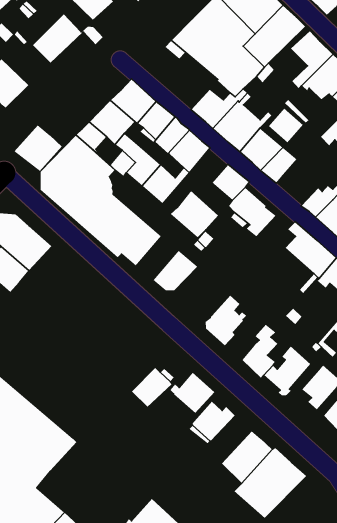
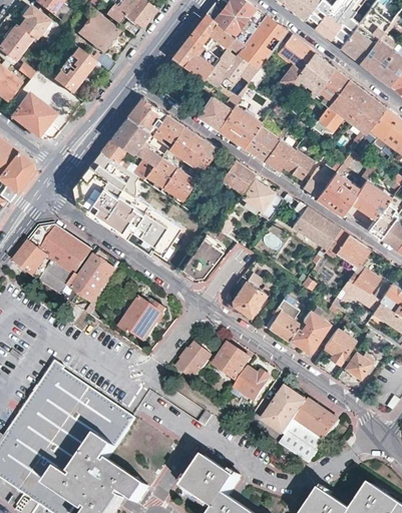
building: [268,107,304,144] -> [284,147,315,178]
building: [13,124,63,172] -> none
building: [170,190,219,238] -> none
building: none -> [68,256,121,303]
building: none -> [120,290,166,342]

